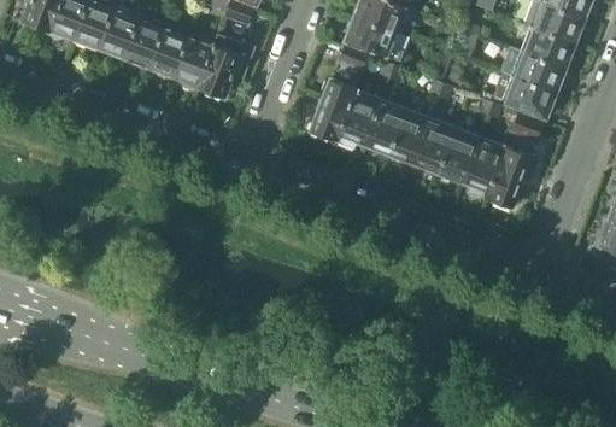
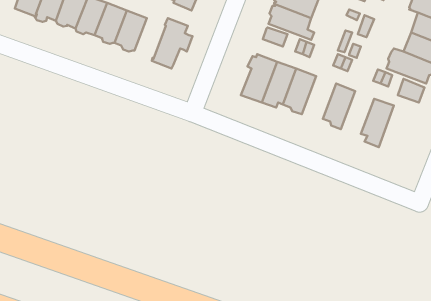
building: [176,34,216,89] -> none
building: [388,107,432,162] -> none
building: [438,127,480,181] -> none
building: [486,145,534,207] -> none

